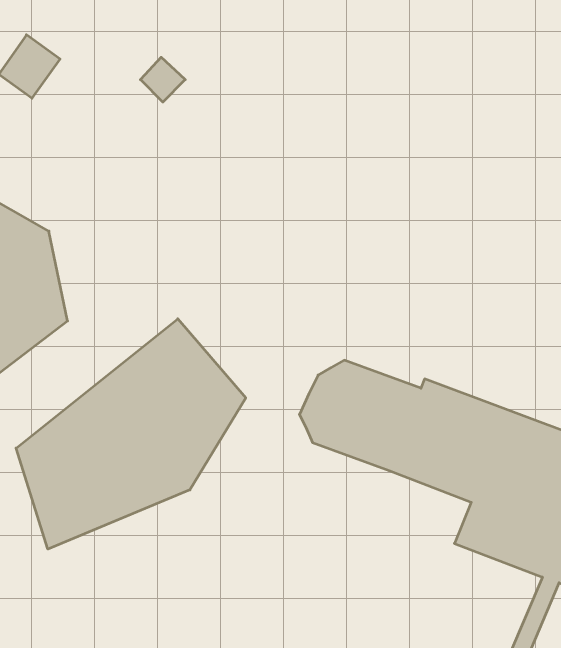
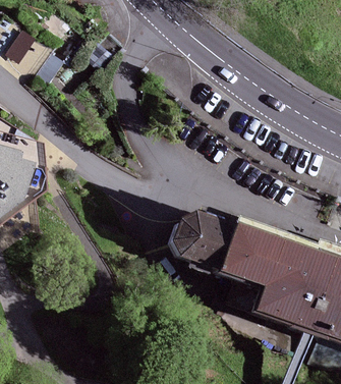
building: [16,319,246,549] -> none

